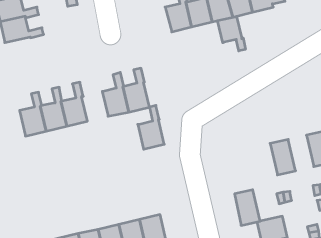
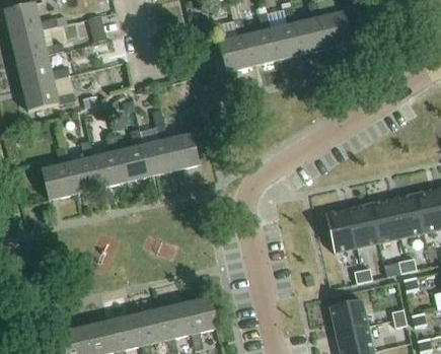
building: [218,16,245,51] -> none
building: none -> [20,78,74,111]
building: [138,105,164,149] -> [115,128,147,182]
building: none -> [368,199,399,242]
building: [235,190,260,225] -> [323,209,355,253]

